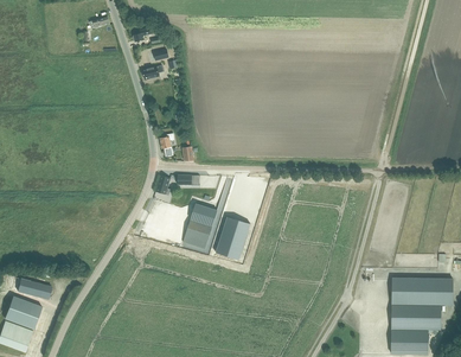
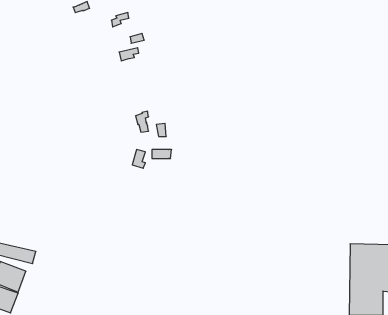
building: [184,203,217,248] -> none
building: [212,217,246,257] -> none

